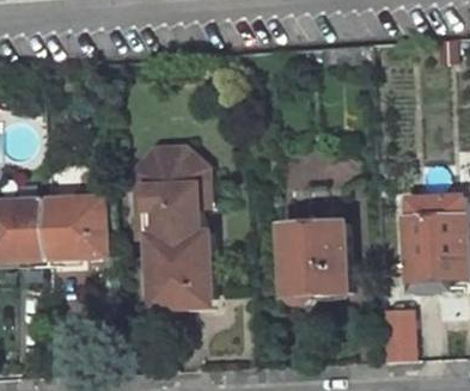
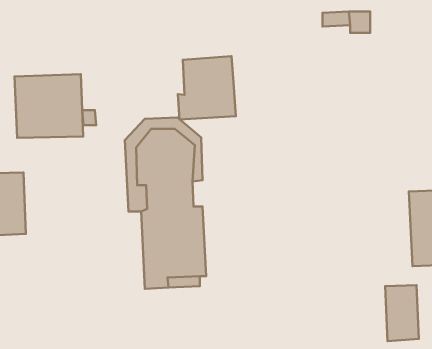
building: none -> [178,56,236,120]
building: [37,194,103,255] -> [15,74,83,138]
building: [273,224,359,306] -> none

